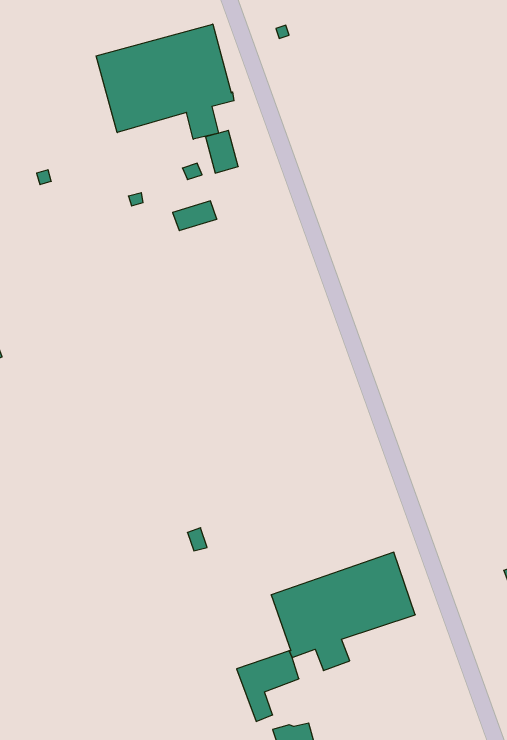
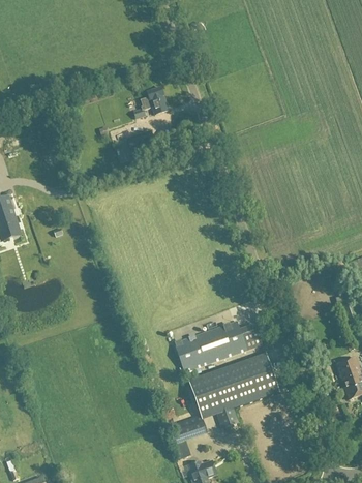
building: [96,24,234,139] -> none
building: none -> [174,320,246,370]

